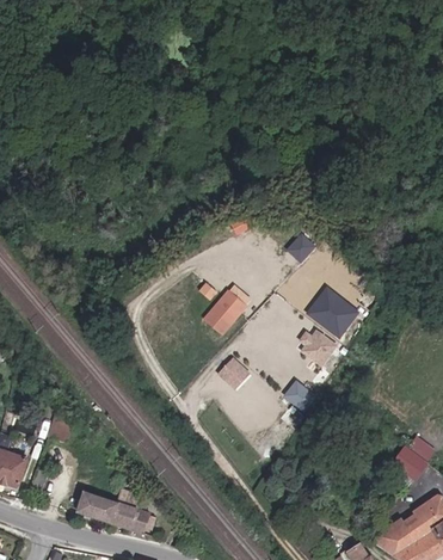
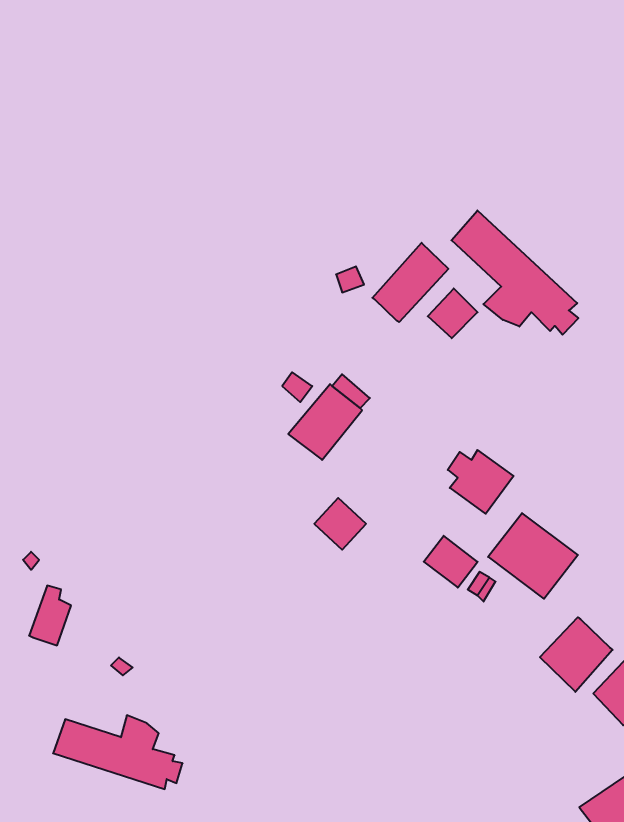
building: none -> [451,210,578,335]
building: none -> [372,243,448,322]
building: [308,282,362,333] -> [488,513,578,599]
building: none -> [540,617,613,692]

